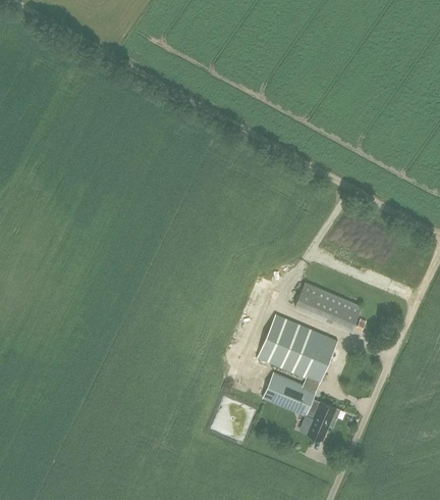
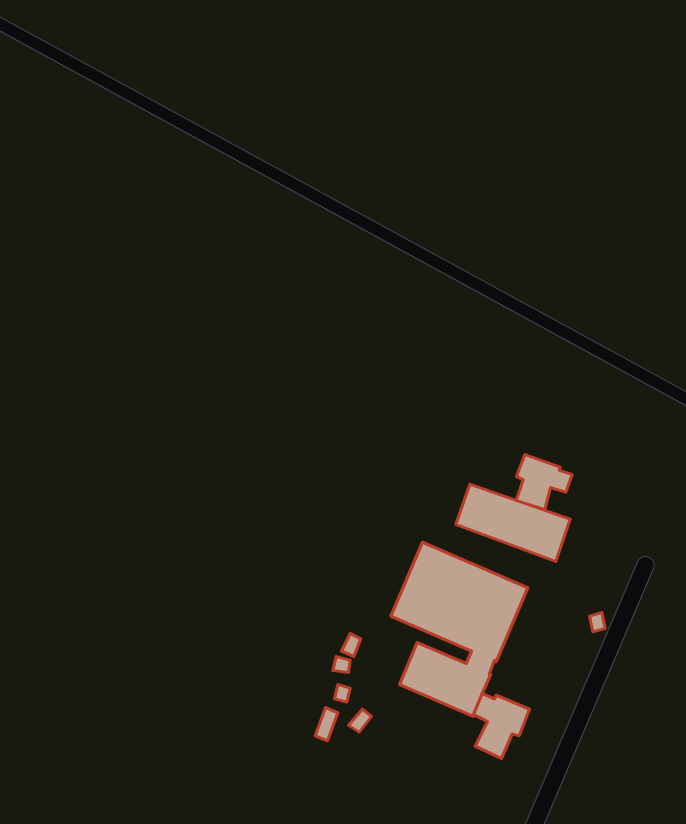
building: none -> [516,455,572,509]

